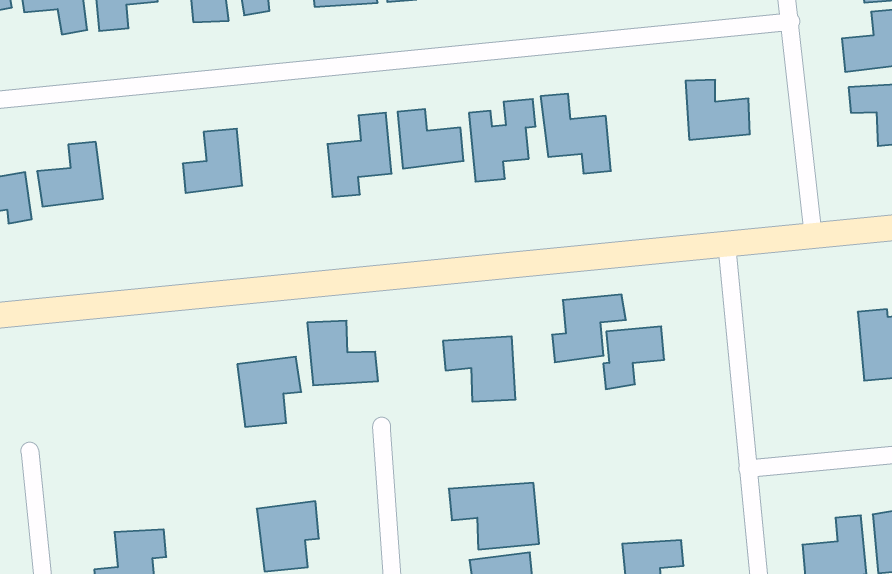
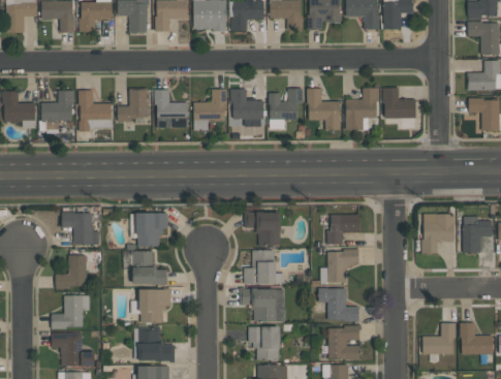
building: none -> [347,88,378,130]
building: none -> [156,89,188,127]
building: none -> [80,90,113,131]
building: [552,295,626,362] -> [320,250,359,282]
building: none -> [422,213,455,253]
building: [307,321,378,385] -> [133,250,167,284]
building: none -> [62,212,100,244]
building: none -> [244,249,285,284]
building: none -> [56,255,87,287]
building: none -> [318,287,359,320]

